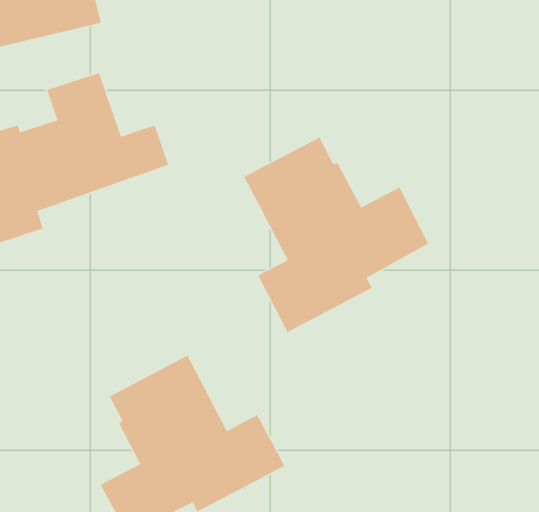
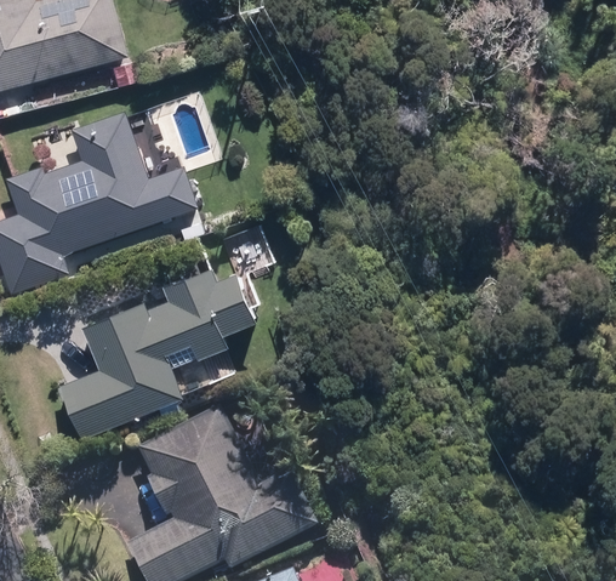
building: [243,137,429,333] -> none
building: none -> [61,234,272,437]

